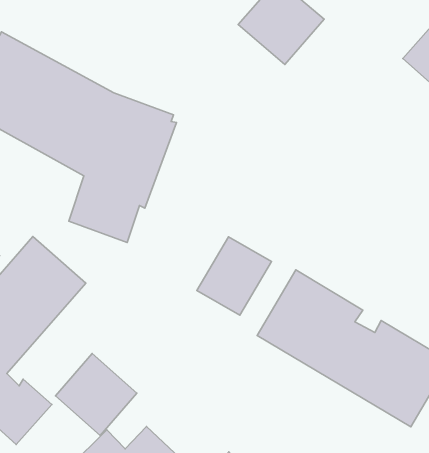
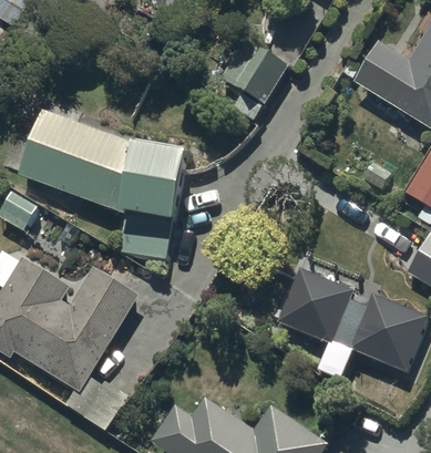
building: [197,237,272,315] -> none
building: [55,353,137,436] -> none

